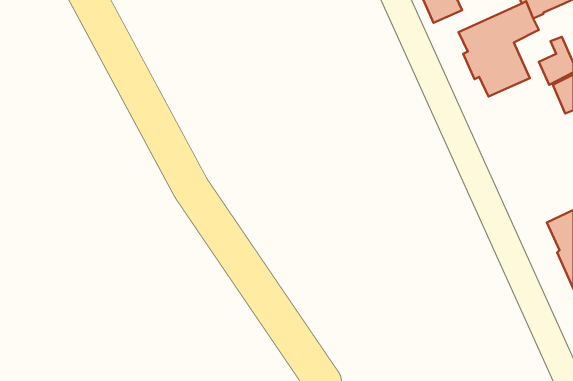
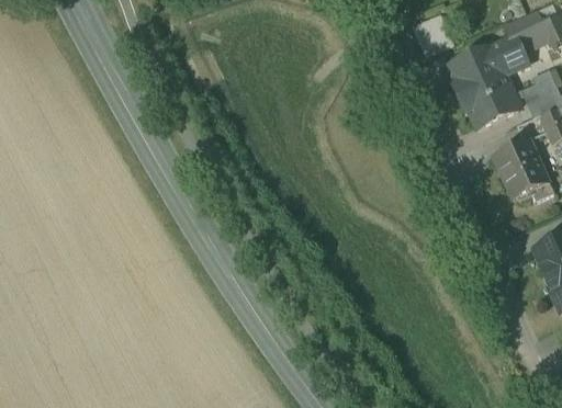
building: none -> [492,139,553,202]

